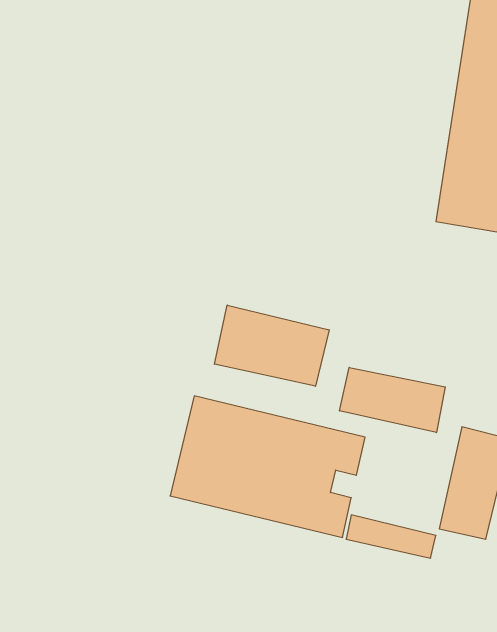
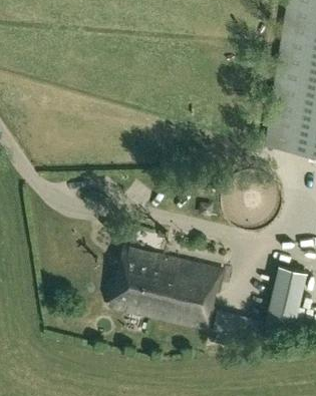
building: [214,305,329,386] -> none
building: [340,367,445,433] -> none

